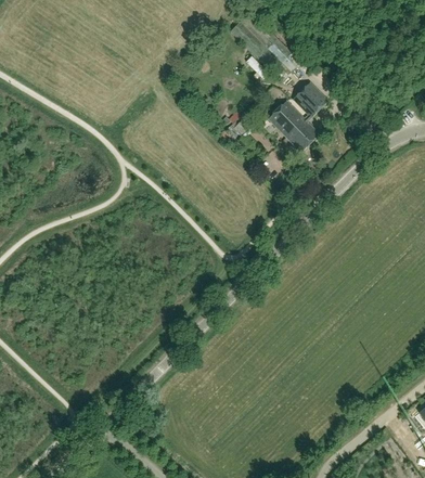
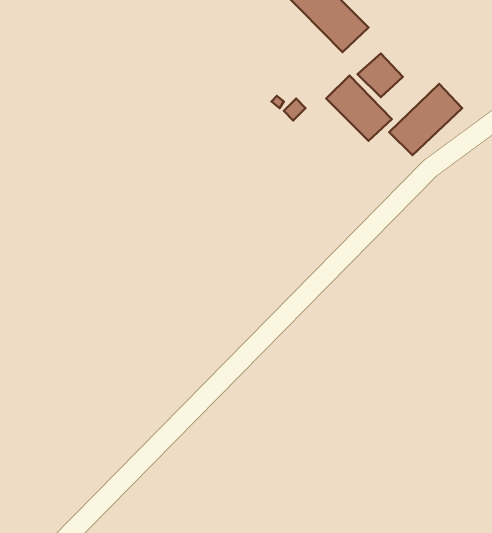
building: none -> [389,84,462,155]

